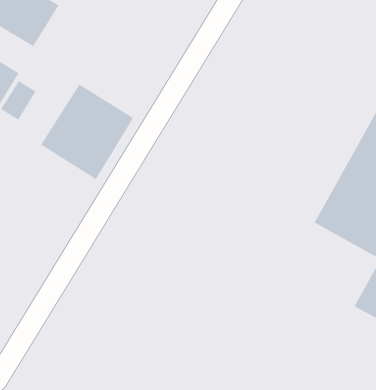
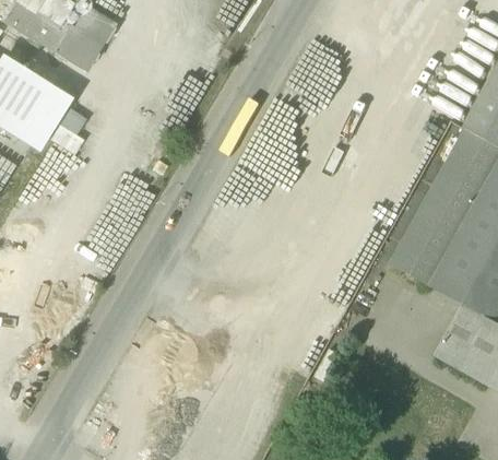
building: [40,83,134,180] -> none

